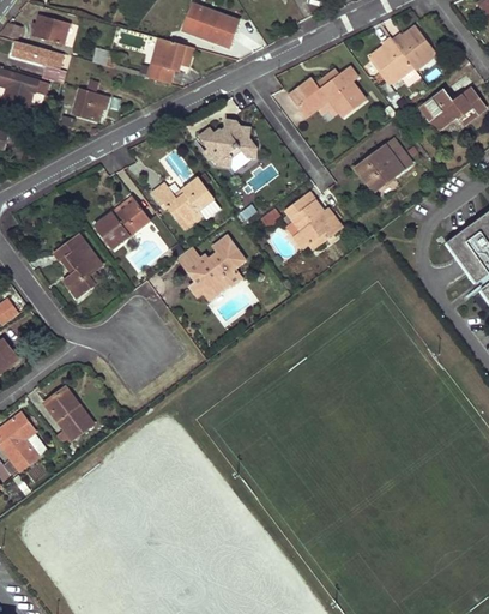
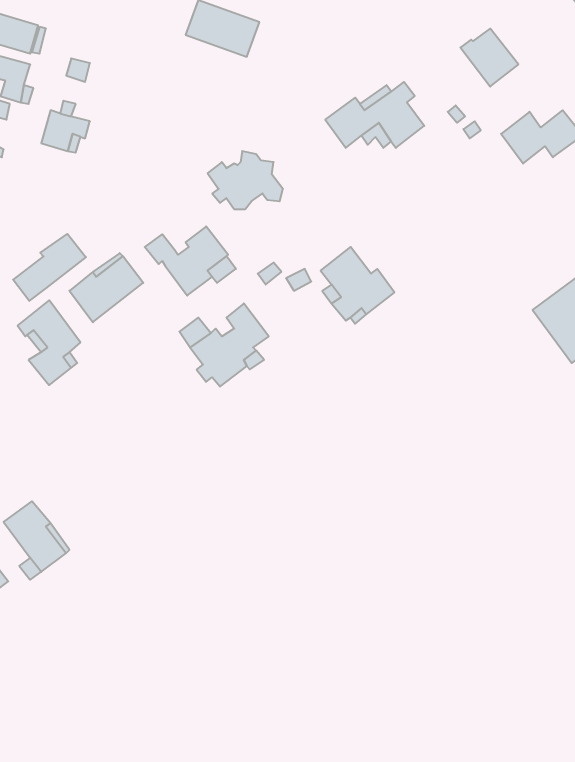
building: [147,37,193,83] -> none
building: [370,37,421,86] -> none
building: [356,139,411,191] -> none
building: none -> [13,234,86,301]

